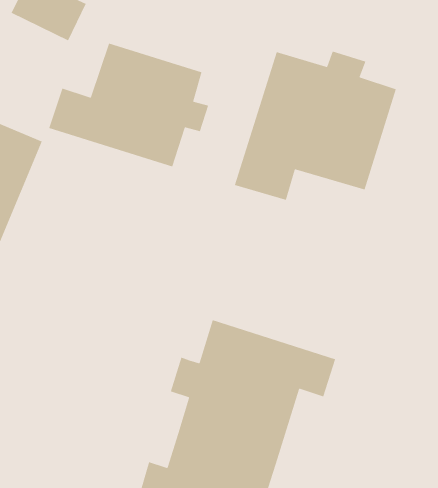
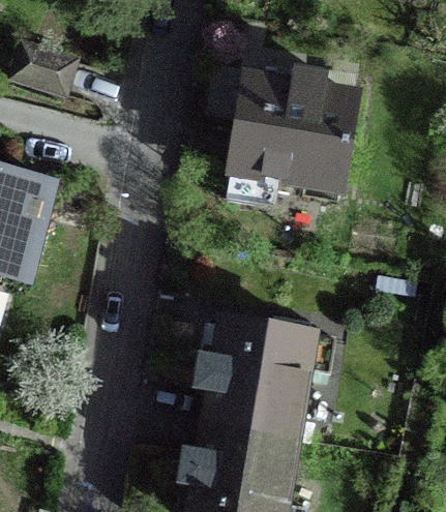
building: [48,43,209,168] -> none

